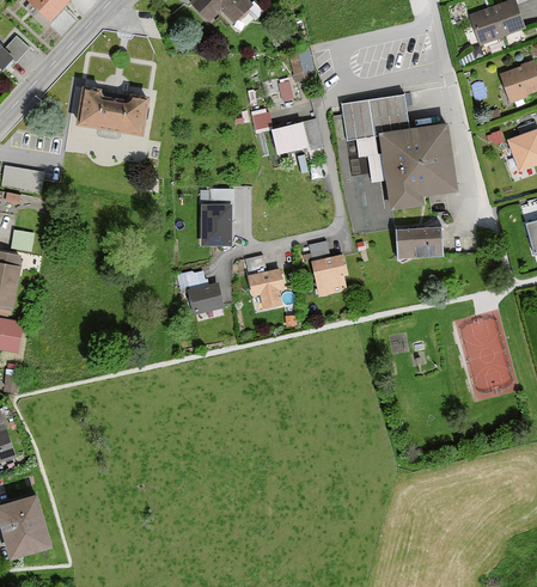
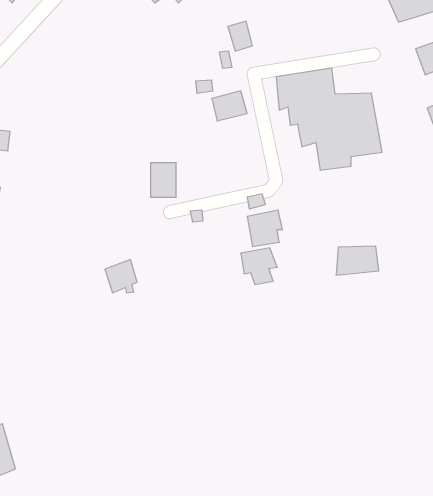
building: [79,82,145,126] -> none
building: [397,228,445,261] -> [336,246,379,275]
building: [246,269,287,310] -> [241,248,277,284]
building: [188,282,224,319] -> [105,260,137,293]

